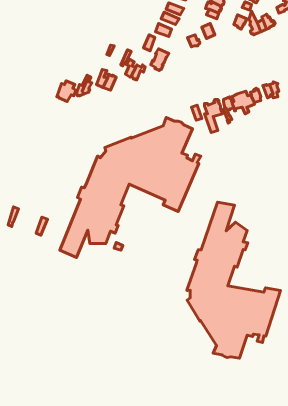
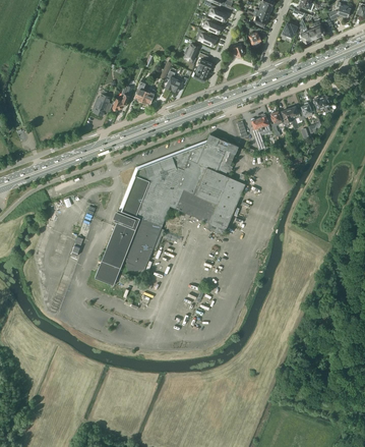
building: [187,202,280,358] -> none

